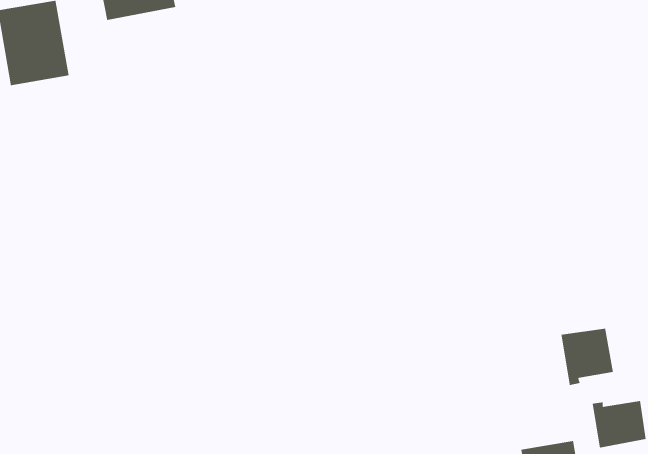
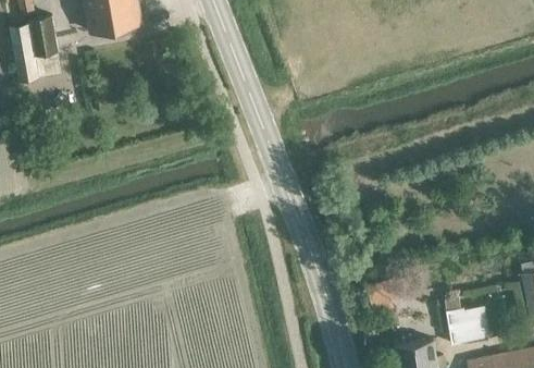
building: [561,328,613,386] -> none

